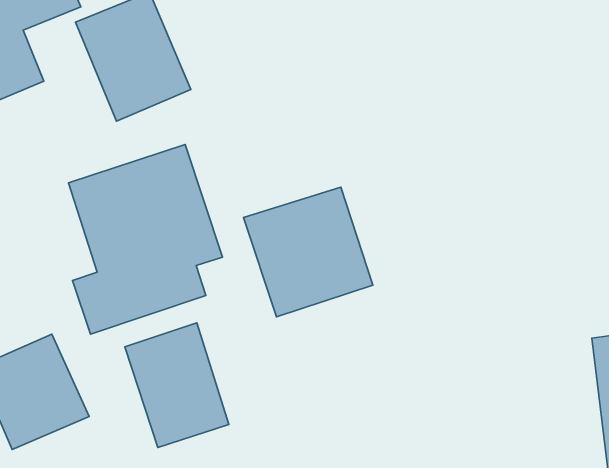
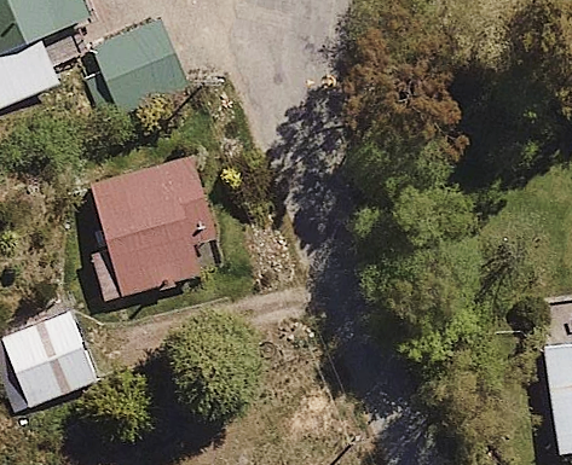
building: [244,187,373,317] -> none
building: [125,323,229,447] -> none

